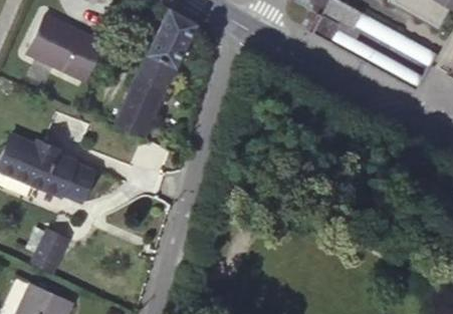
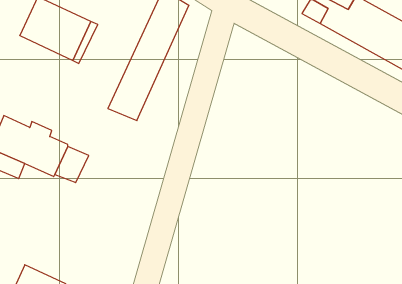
building: [32,231,68,273] -> none

